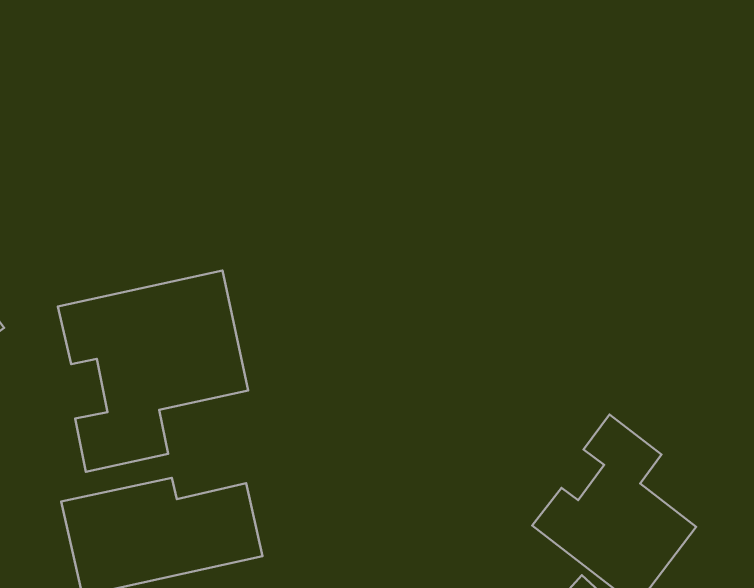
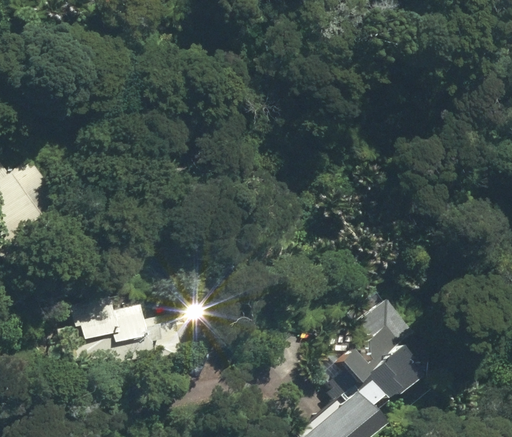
building: [58,270,248,472] -> none

